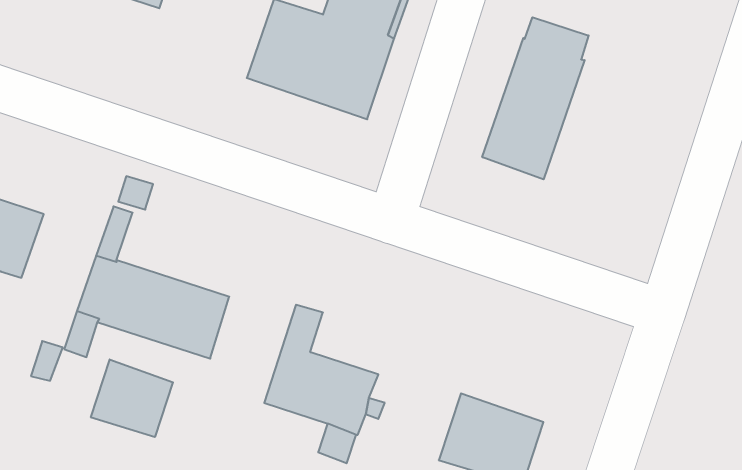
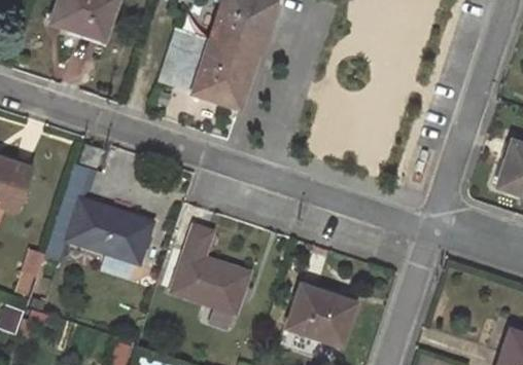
building: [482,17,589,179] -> none
building: [91,359,173,437] -> none

